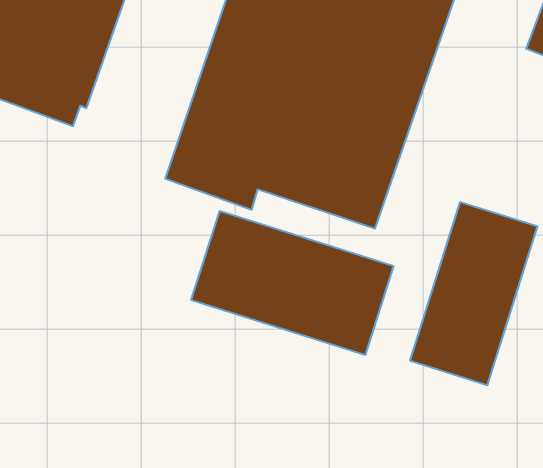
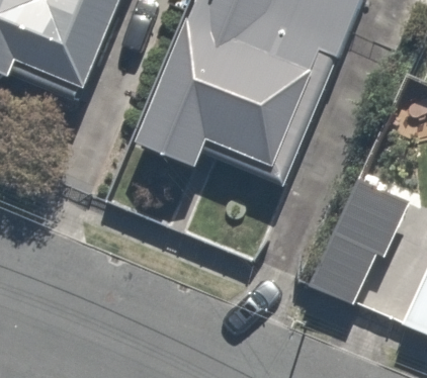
building: [191,211,393,355] -> none

